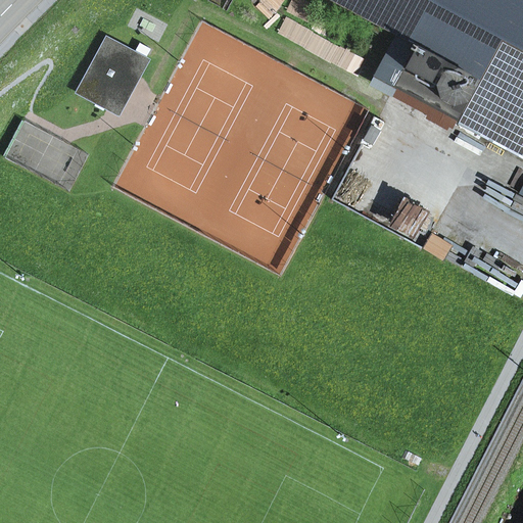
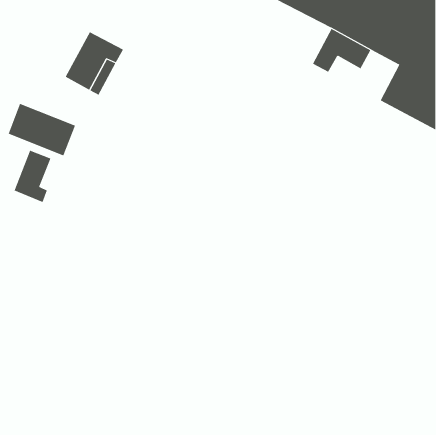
building: [393,60,477,121] -> none
building: none -> [14,150,51,203]

